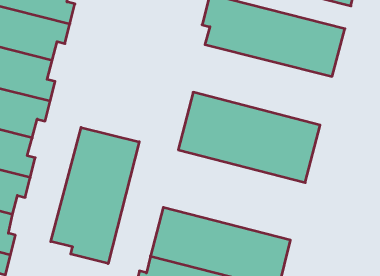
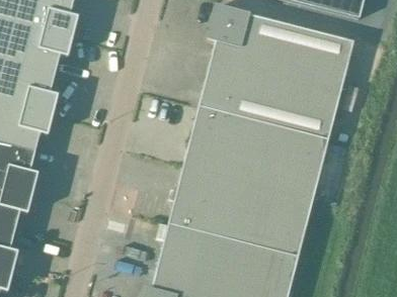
building: none -> [200,56,341,137]
building: [51,127,139,264] -> none
building: none -> [169,163,314,255]

